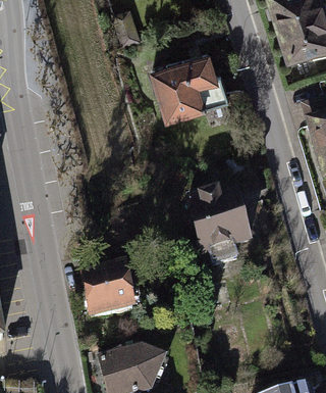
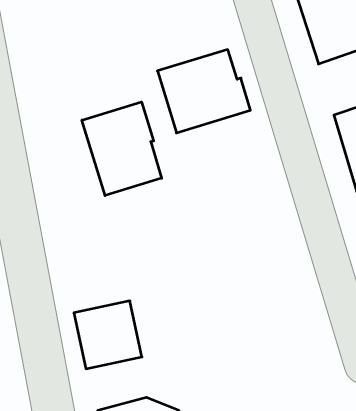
building: none -> [82,102,162,196]
building: [182,186,252,265] -> none

